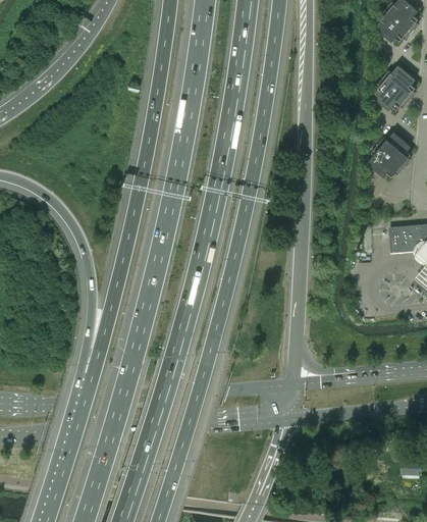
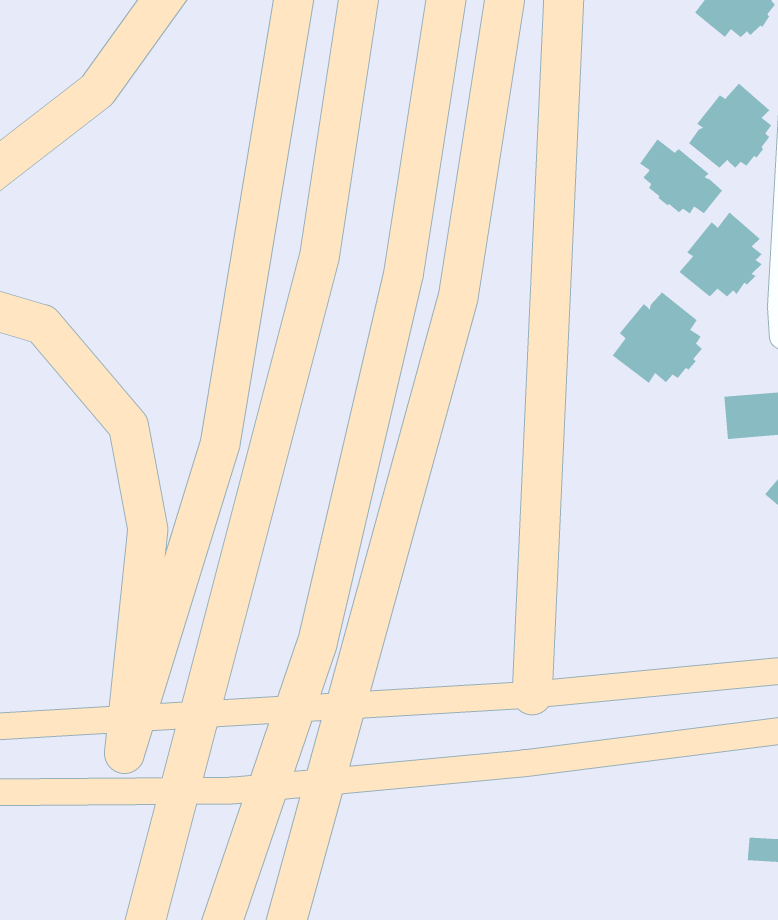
building: none -> [639,139,723,215]
building: none -> [612,291,702,384]

